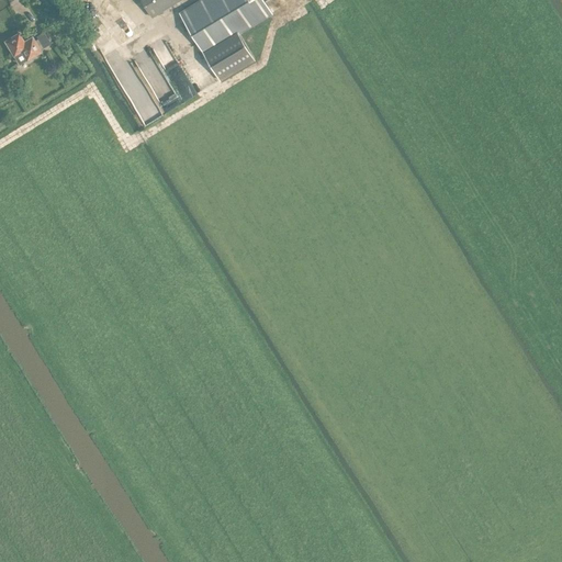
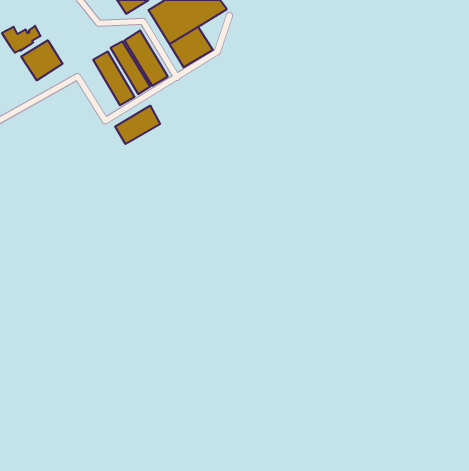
building: none -> [21,40,63,80]
building: none -> [115,106,160,144]

